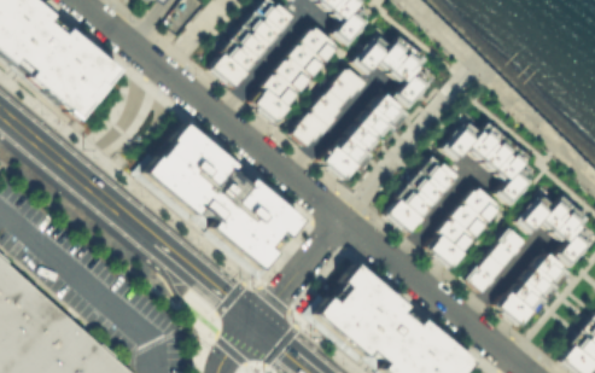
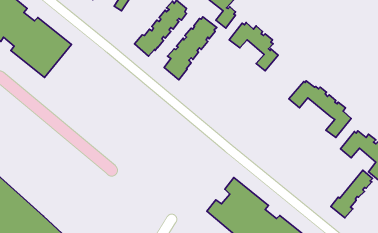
building: [293,69,364,146] -> none
building: [326,94,399,180] -> none
building: [146,123,304,269] -> none
building: [390,164,454,232] -> none
building: [432,187,498,267] -> none
building: [468,229,525,292] -> none

